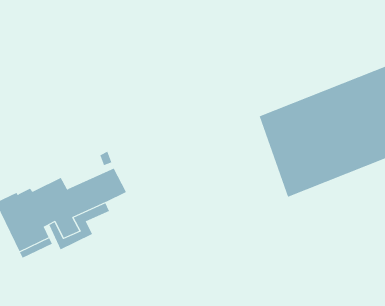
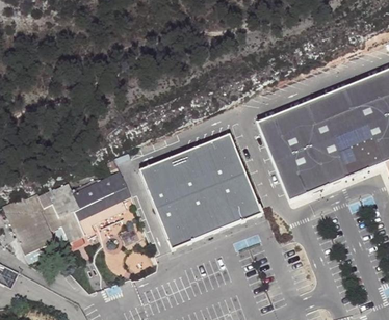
building: none -> [139,134,262,249]

